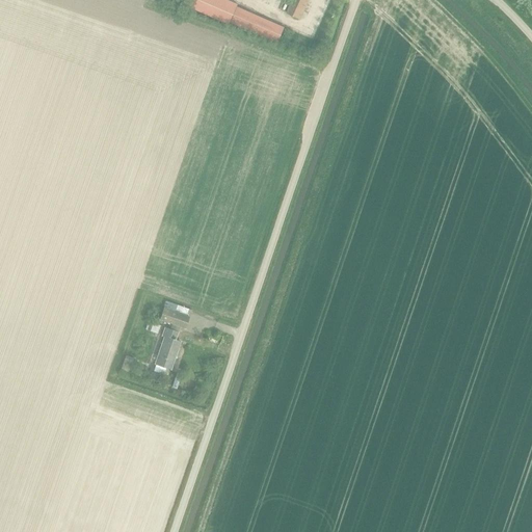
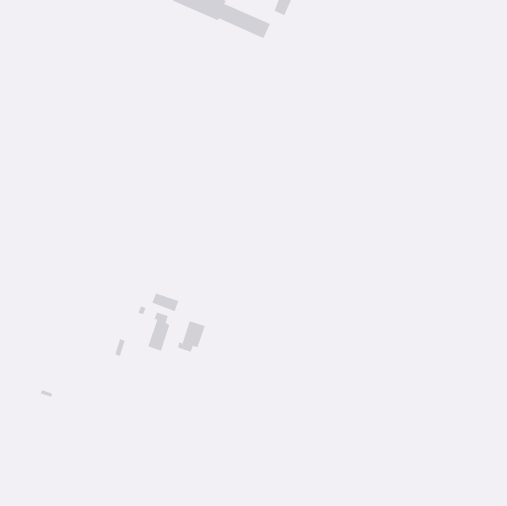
building: none -> [177,320,205,352]

